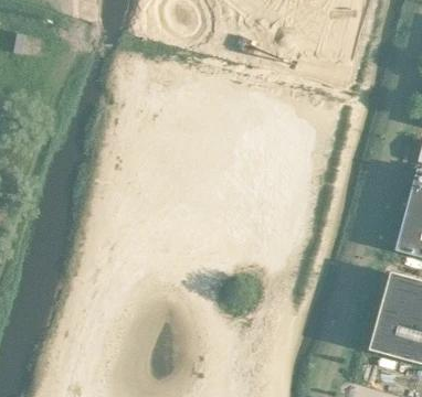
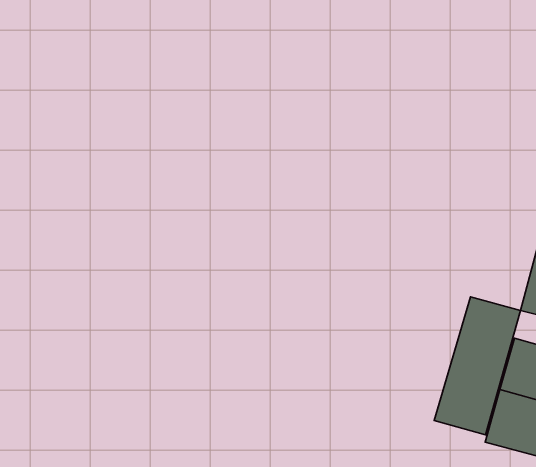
building: none -> [434,297,520,435]

